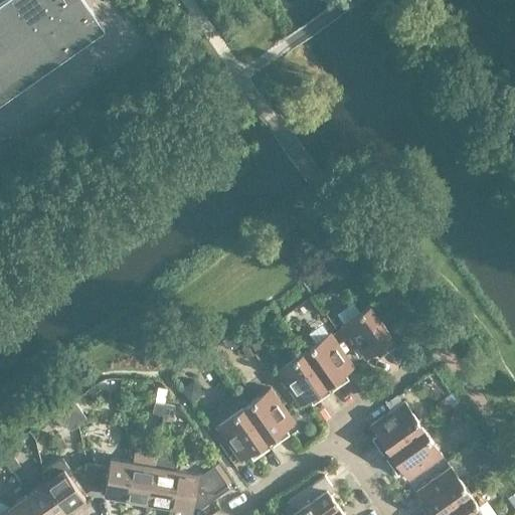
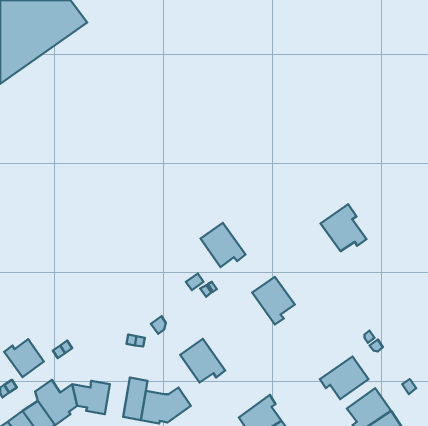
building: [341,304,396,360] -> [320,204,366,251]
building: [276,354,330,407] -> [200,223,246,267]
building: [243,390,294,448] -> none
building: [370,403,423,458] -> none
building: none -> [4,339,44,377]
building: [126,452,156,503] -> none

